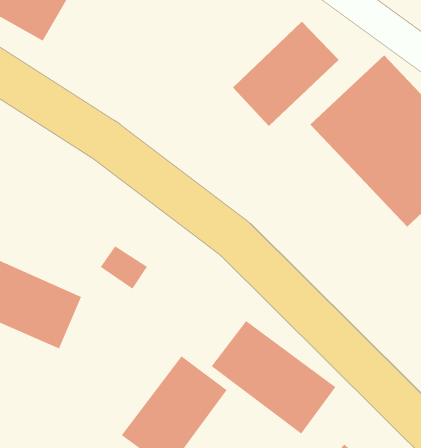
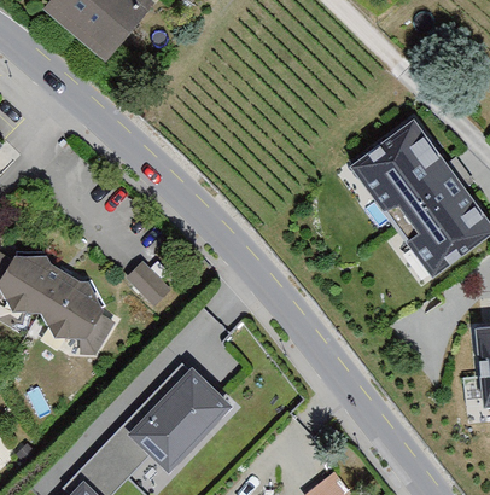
building: [232,21,339,127] -> none
building: [211,320,336,434] -> none

